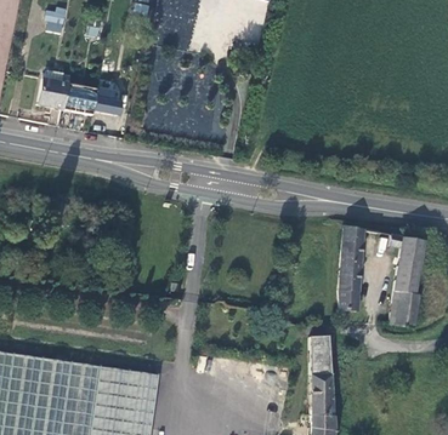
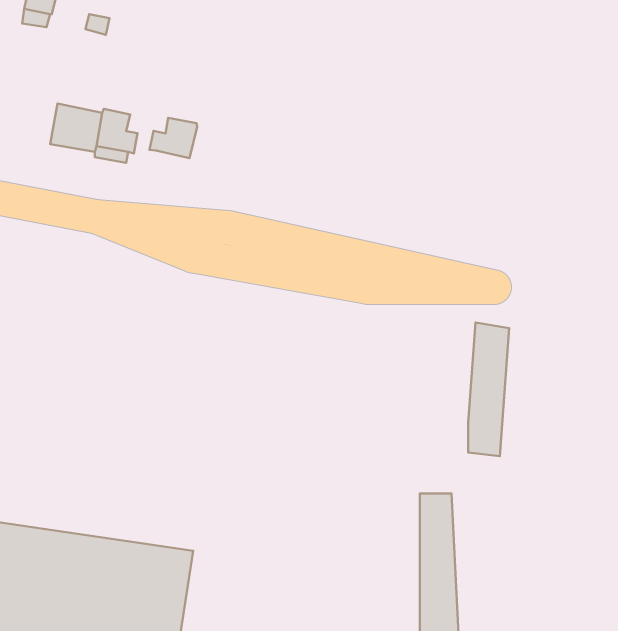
building: [40,75,72,109] -> none
building: none -> [149,118,197,158]
building: [389,234,425,330] -> none

